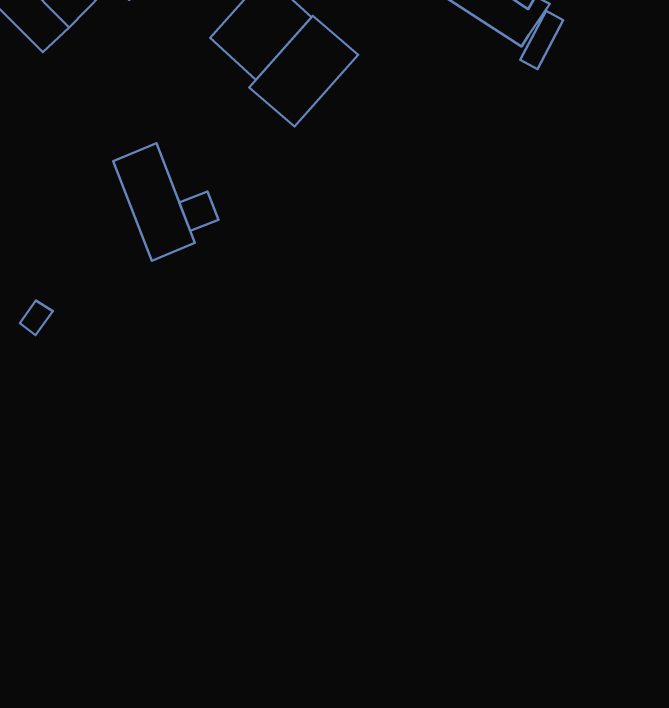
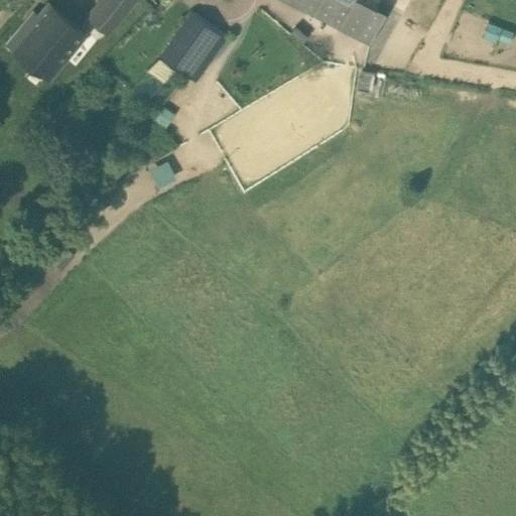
building: [249,16,358,126] -> none
building: [113,143,195,261] -> none

